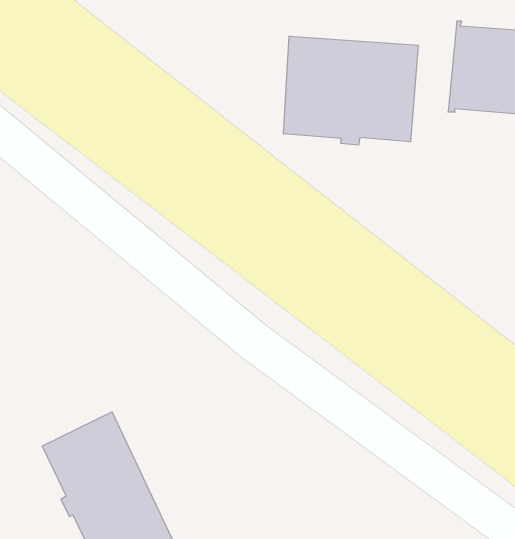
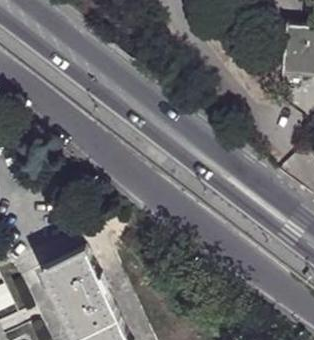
building: [284,36,418,145] -> none

